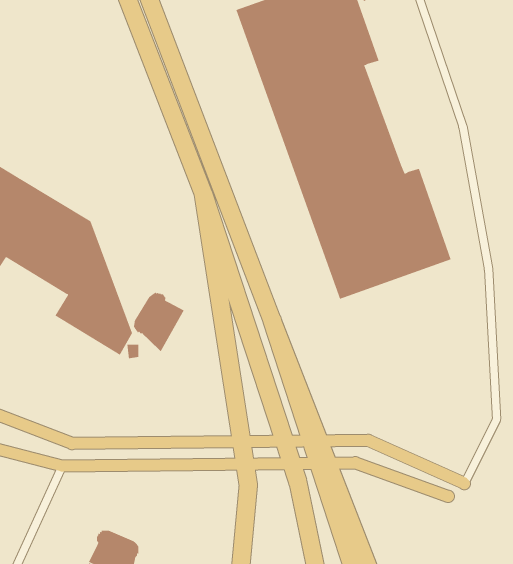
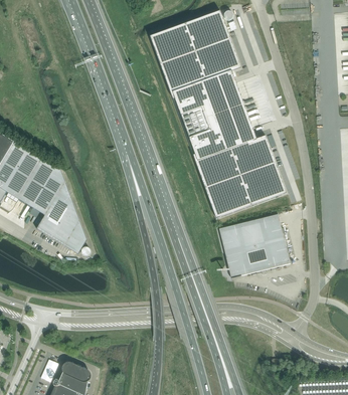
building: [133,291,184,352] -> none
building: none -> [218,213,290,276]

